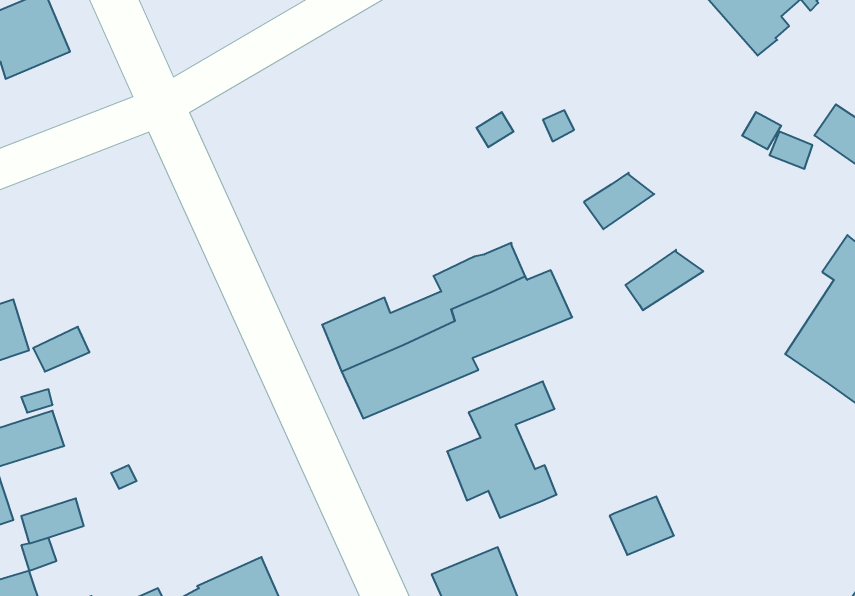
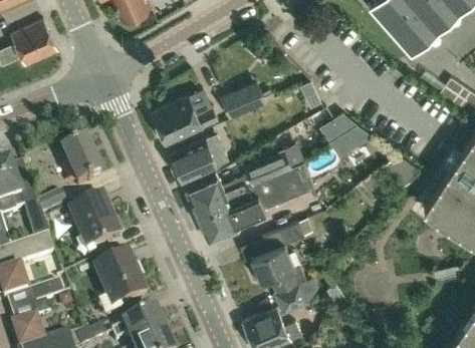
building: none -> [221,88,254,117]
building: none -> [152,95,219,145]
building: none -> [171,139,219,183]
building: none -> [62,141,102,187]
building: [625,250,703,310] -> [331,125,372,156]
building: none -> [68,198,122,255]
building: none -> [92,255,148,313]
building: [610,496,674,555] -> [276,283,309,313]

